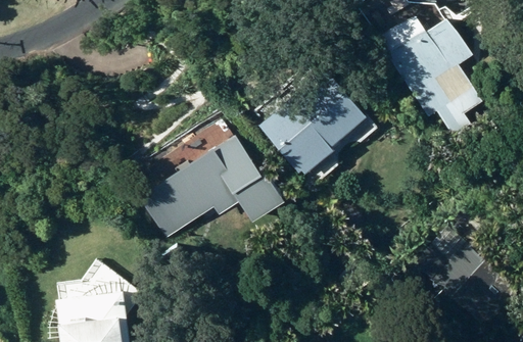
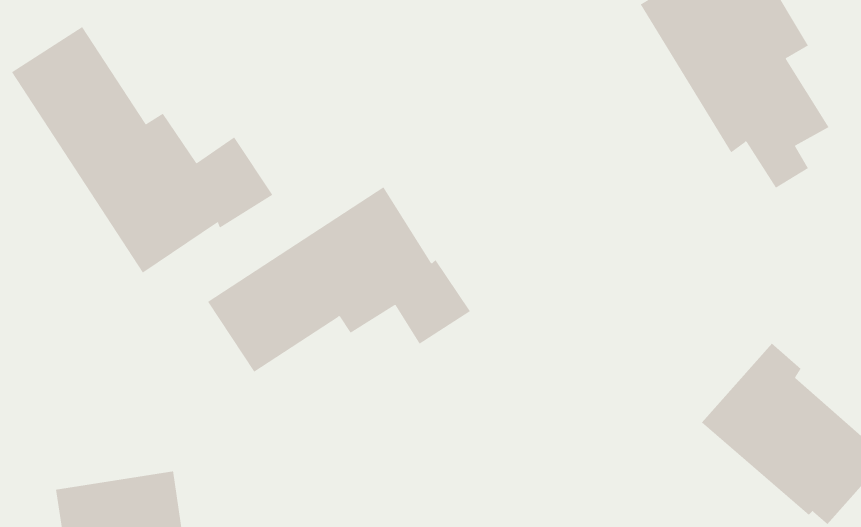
building: none -> [11,26,273,273]
building: [258,69,367,176] -> none

